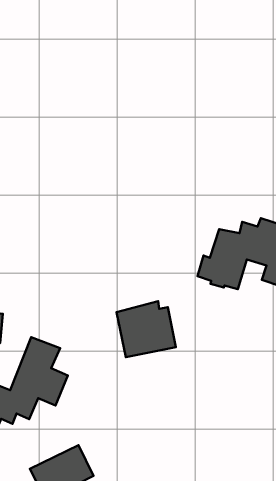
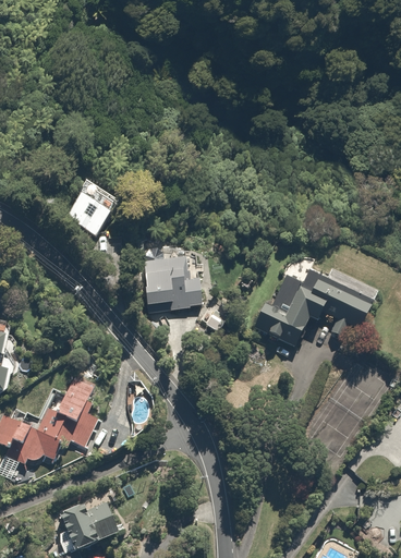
building: none -> [66,177,117,236]
building: [116,301,176,357] -> [143,255,204,313]

